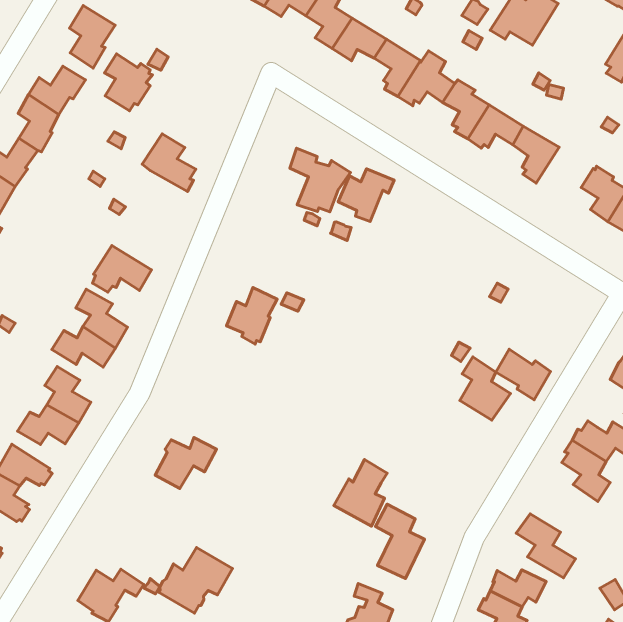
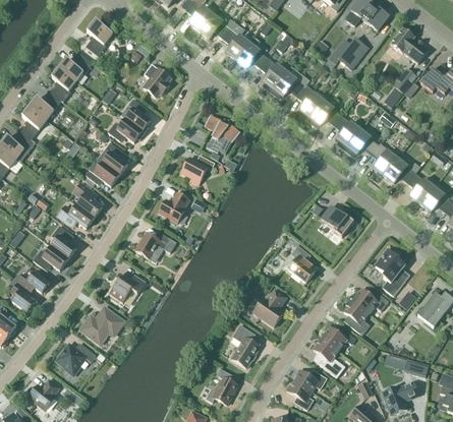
building: [104,54,152,111] -> [143,63,171,97]
building: none -> [345,129,379,154]
building: [338,169,394,222] -> [181,154,215,184]
building: none -> [108,118,145,142]
building: none -> [98,141,127,175]
building: [496,349,551,400] -> [322,205,353,236]
building: none -> [135,230,176,258]
building: [334,460,387,526] -> [253,288,286,326]
building: none -> [322,326,355,350]
building: [159,547,232,613] -> [80,306,124,344]

